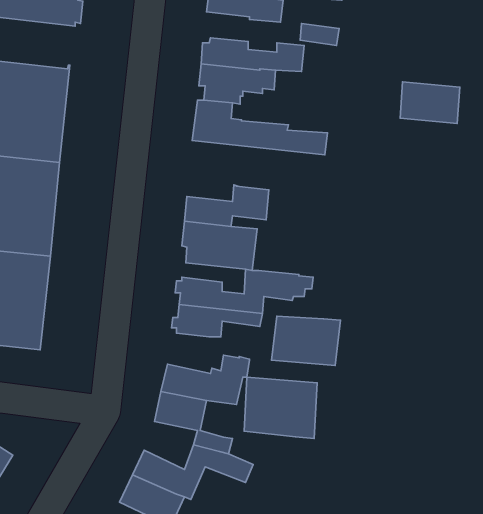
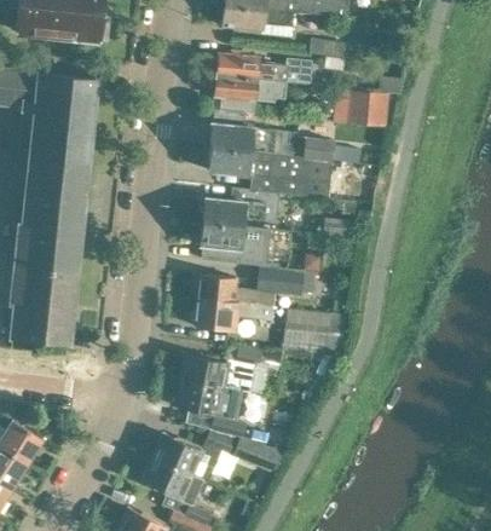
building: [400,82,460,124] -> [334,88,389,127]
building: none -> [207,146,333,197]
building: [244,377,317,439] -> none

